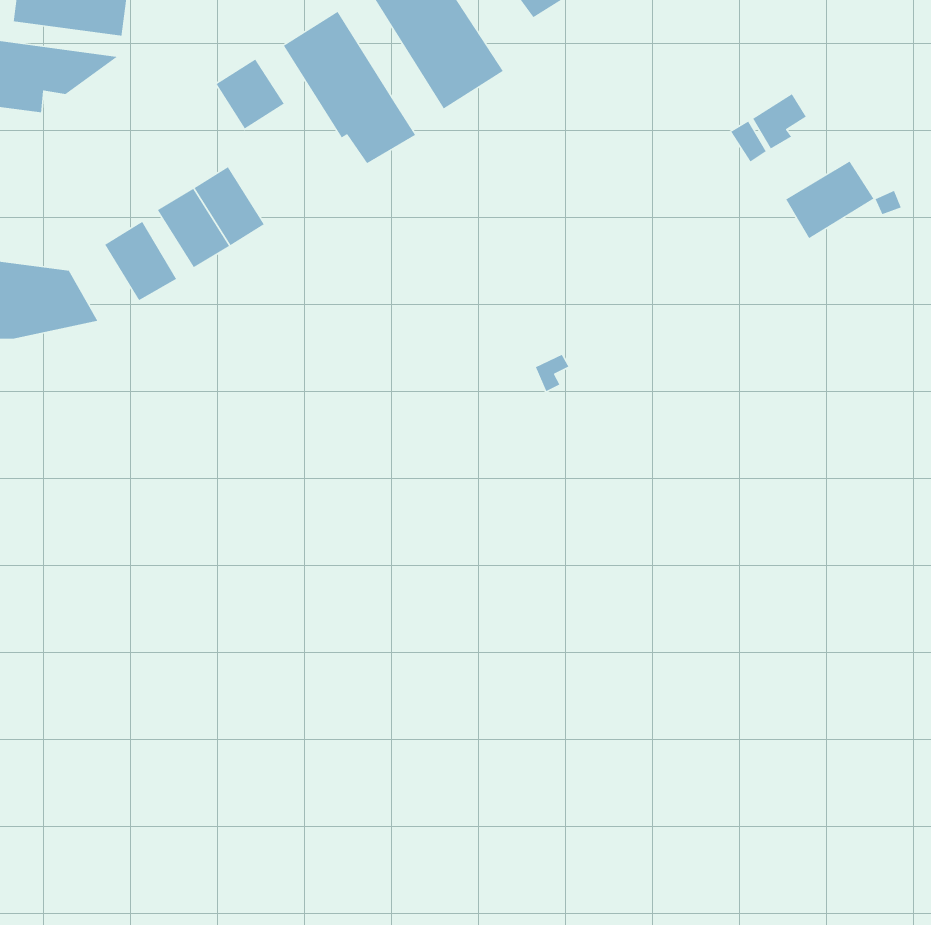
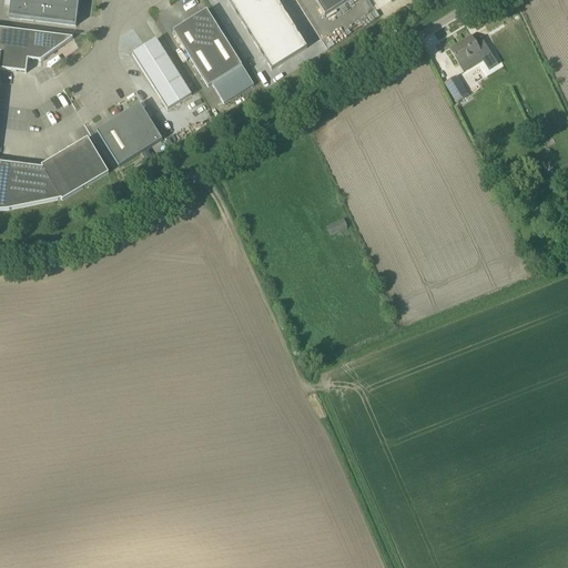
building: none -> [448,32,497,67]
building: none -> [149,63,191,106]
building: [785,161,874,239] -> none
building: none -> [40,149,84,197]

